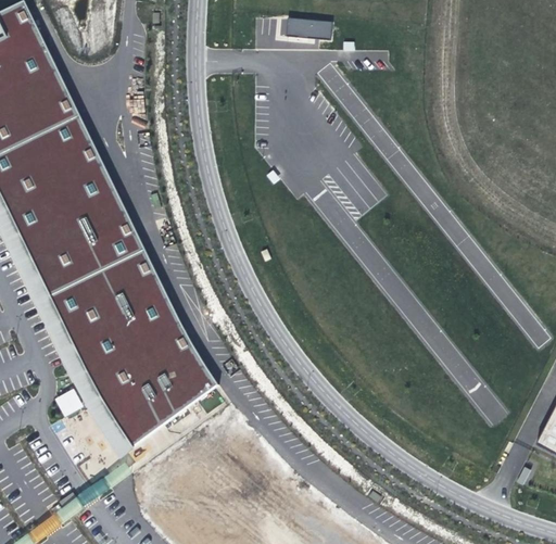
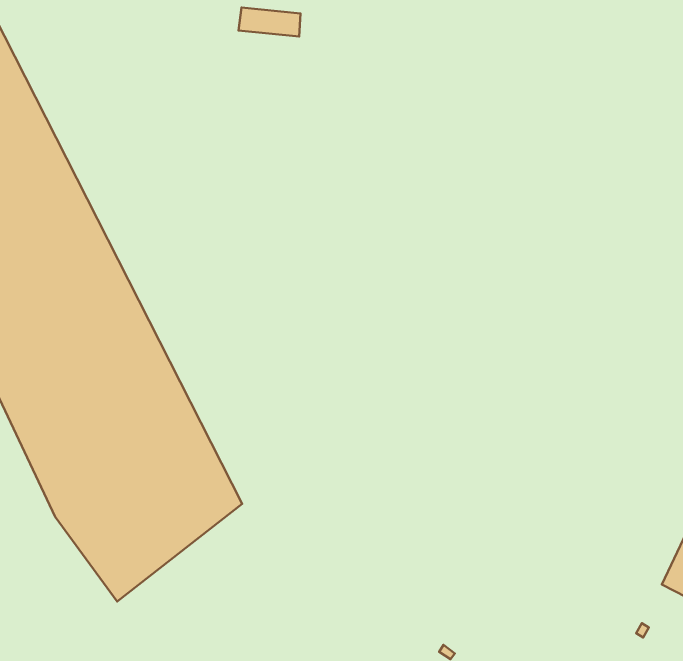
building: [280,16,327,38] -> [239,8,300,36]

